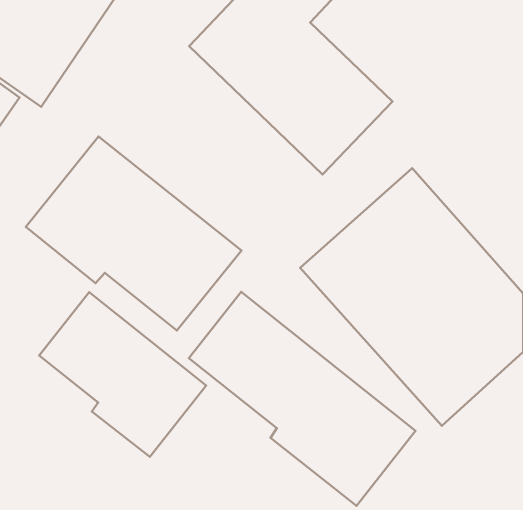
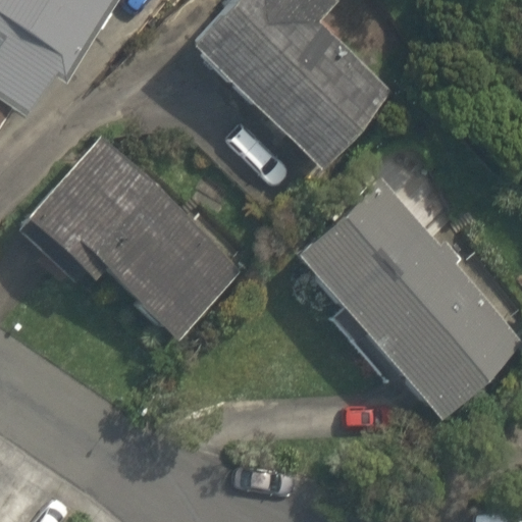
building: [189,292,415,506] -> none
building: [39,292,206,457] -> none

